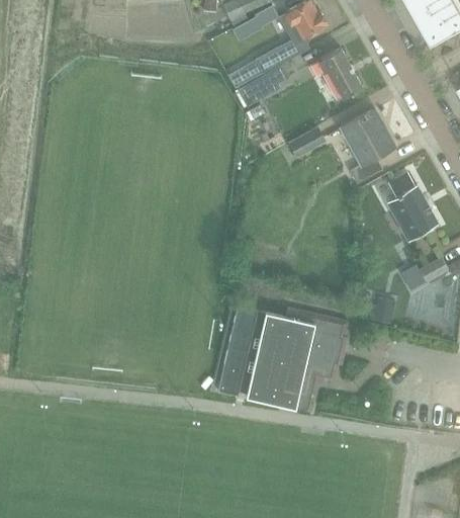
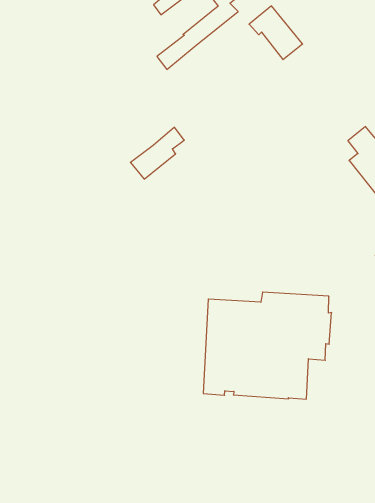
building: [236,65,288,107] -> [130,127,184,179]
building: [340,109,393,184] -> none
building: [289,127,325,157] -> none

